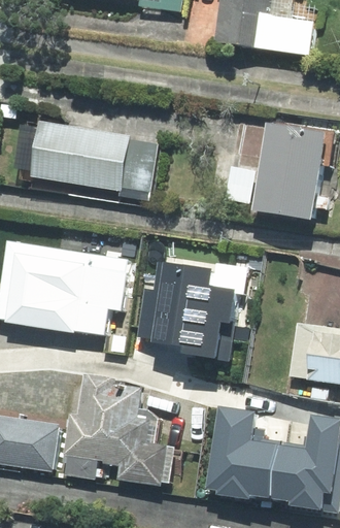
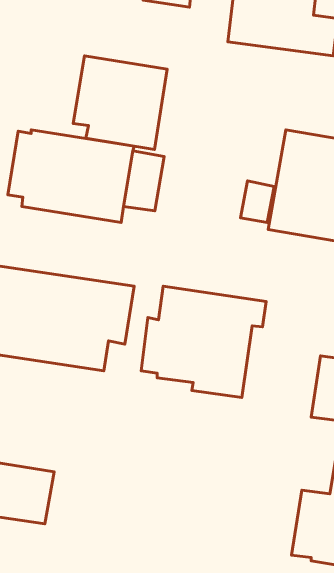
building: none -> [73,56,167,149]
building: [64,375,181,484] -> none
building: [205,406,280,499] -> none

